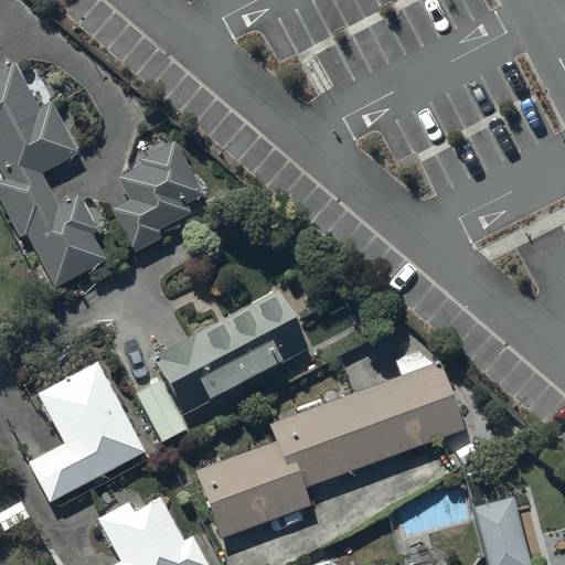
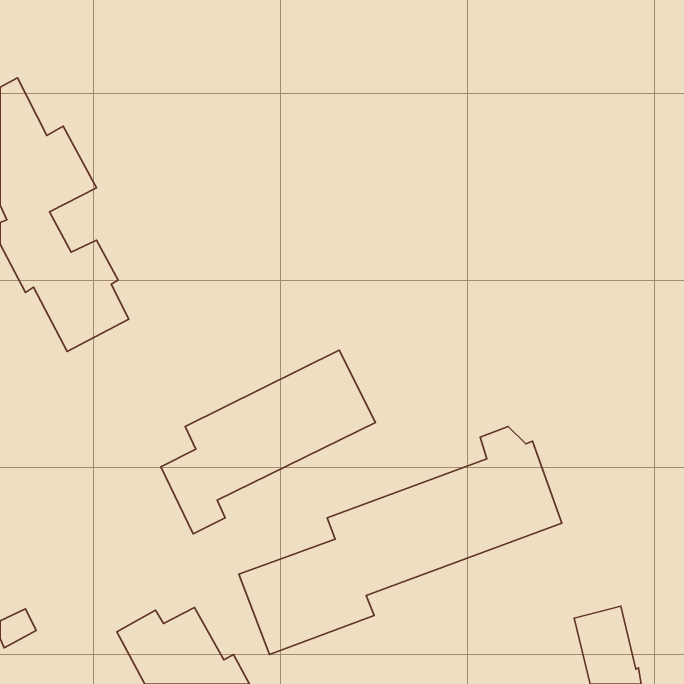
building: [111,142,203,254] -> none
building: [25,359,146,502] -> none

